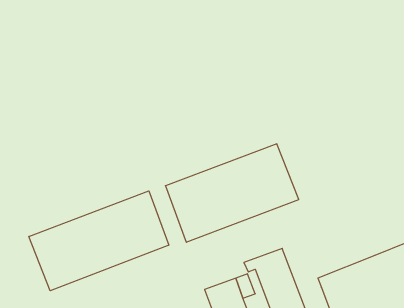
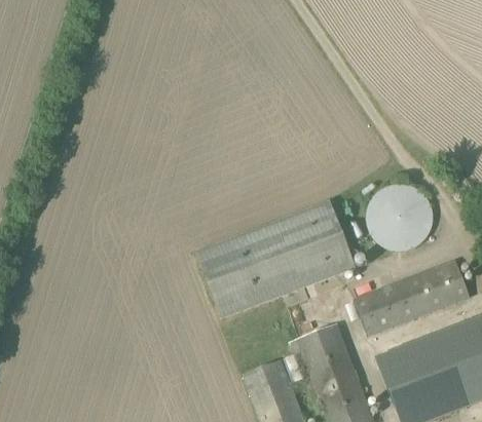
building: none -> [366,184,433,251]
building: [29,191,169,291] -> none
building: none -> [354,262,469,336]

